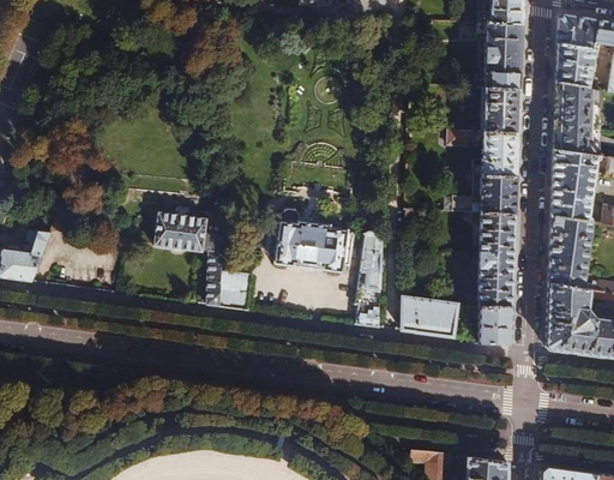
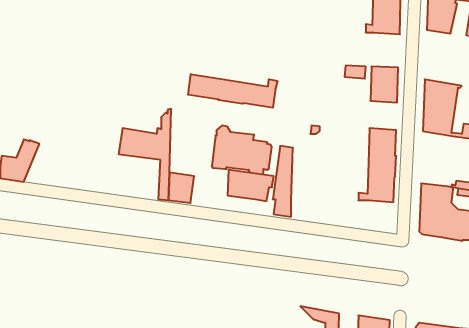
building: [554,83,600,155] -> none
building: [484,86,522,132] -> none
building: none -> [188,74,277,108]
building: [453,175,518,214] -> none
building: [549,215,594,287] -> none
building: [403,295,463,336] -> [228,170,274,201]
building: [480,305,513,344] -> none

